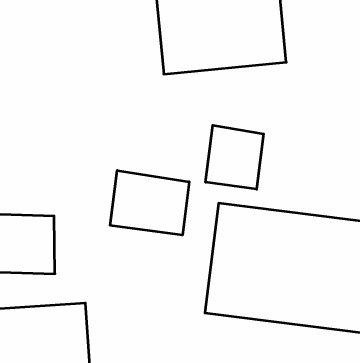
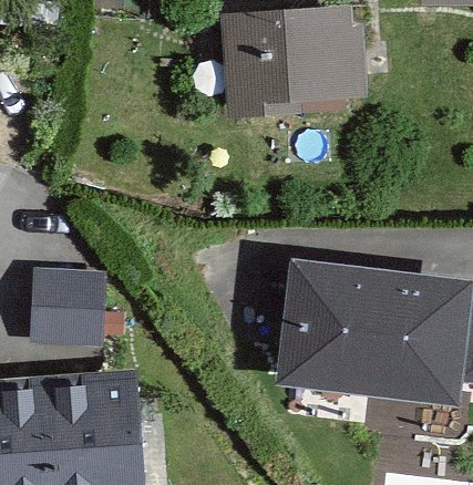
building: [206,125,264,189] -> none
building: [110,170,189,235] -> none

